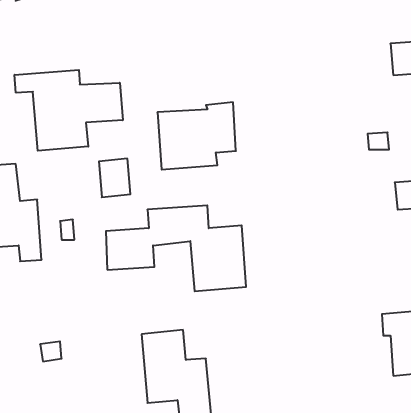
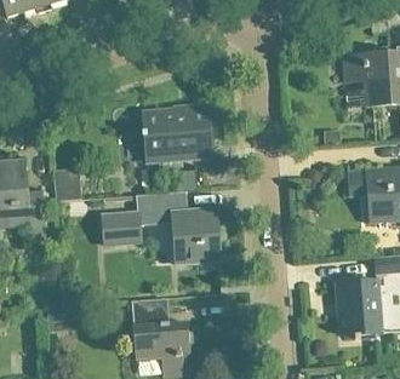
building: [15,70,123,151] -> none
building: [99,159,130,197] -> [53,168,80,201]

